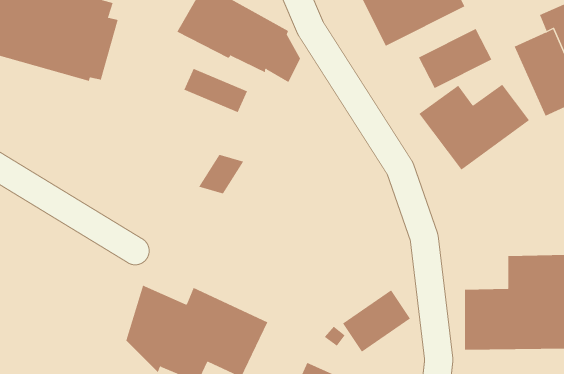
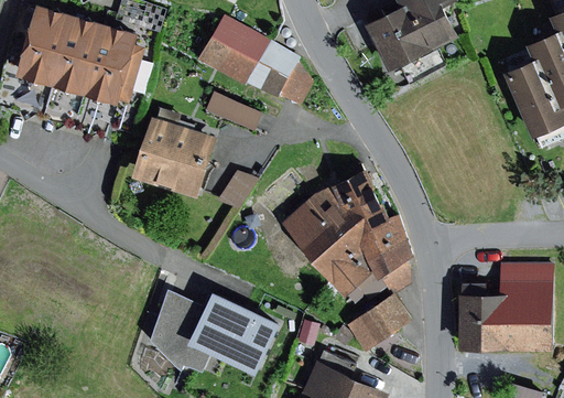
building: [418,28,492,89] -> none
building: [418,84,530,171] -> none
building: none -> [132,117,217,196]
building: none -> [281,169,414,297]

